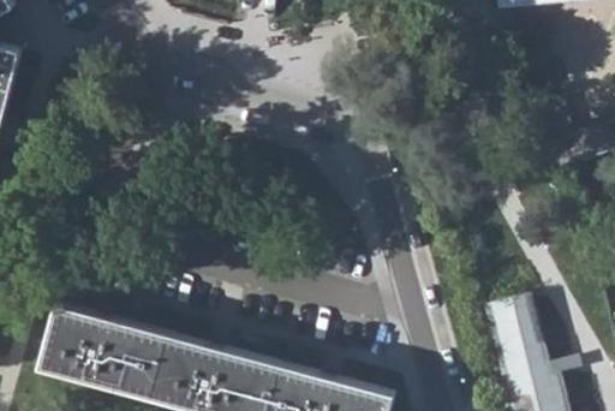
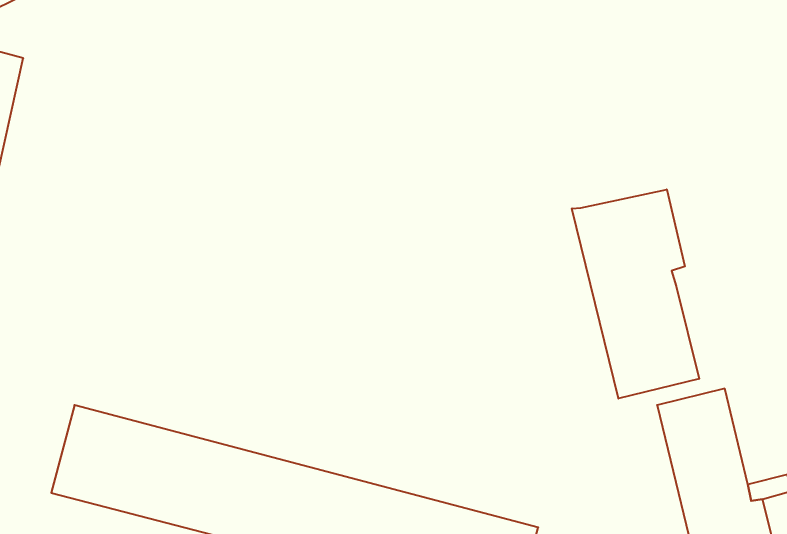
building: none -> [572,189,699,399]

